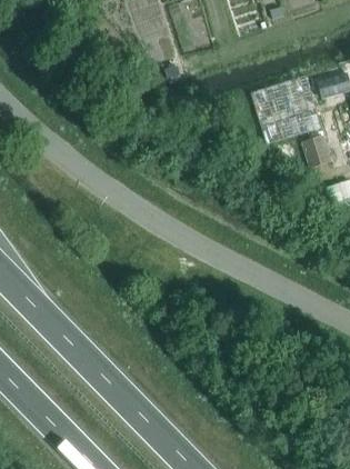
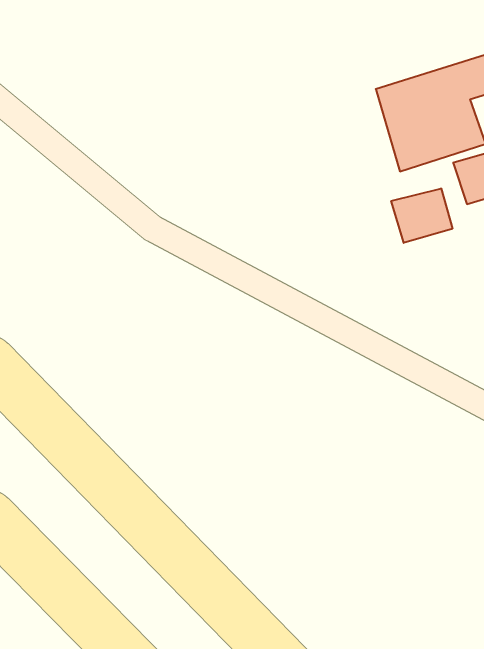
building: none -> [391,188,452,243]

